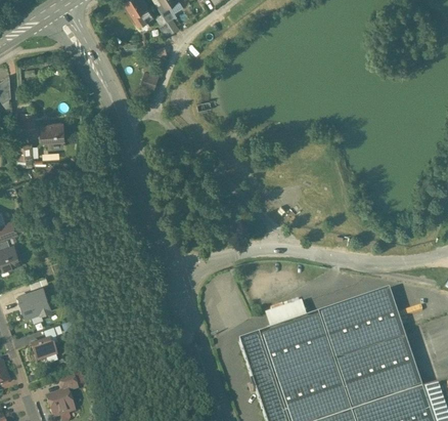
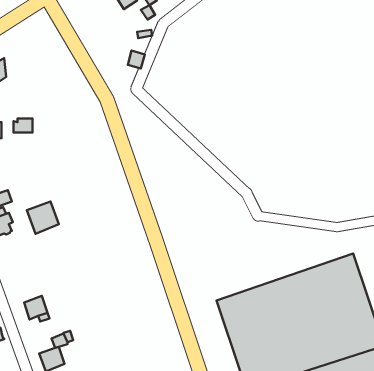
building: [42,123,63,142] -> none
building: [18,289,53,324] -> [27,202,59,234]

